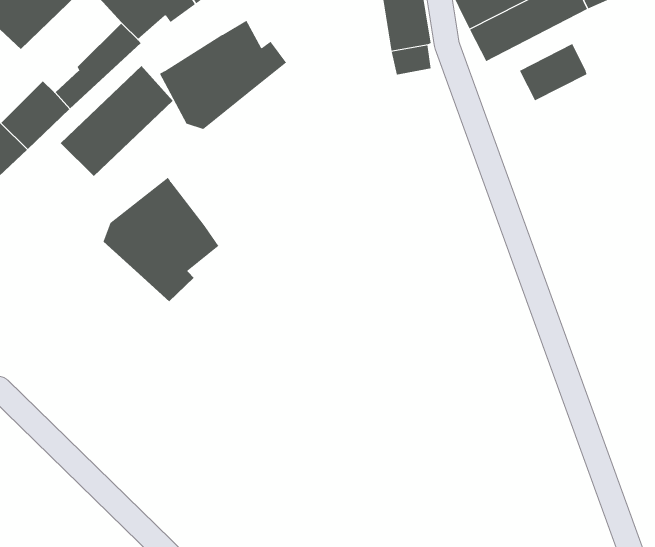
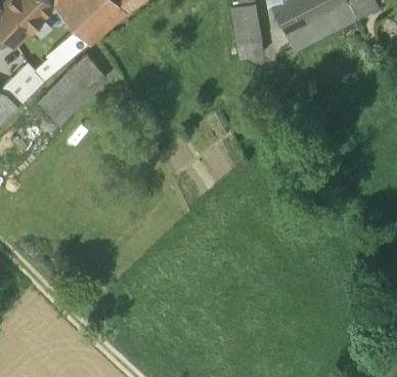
building: [159,20,287,130] -> none
building: [519,43,587,101] -> none
building: [103,177,219,302] -> none

